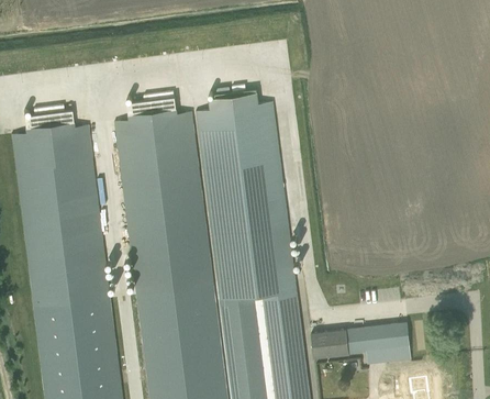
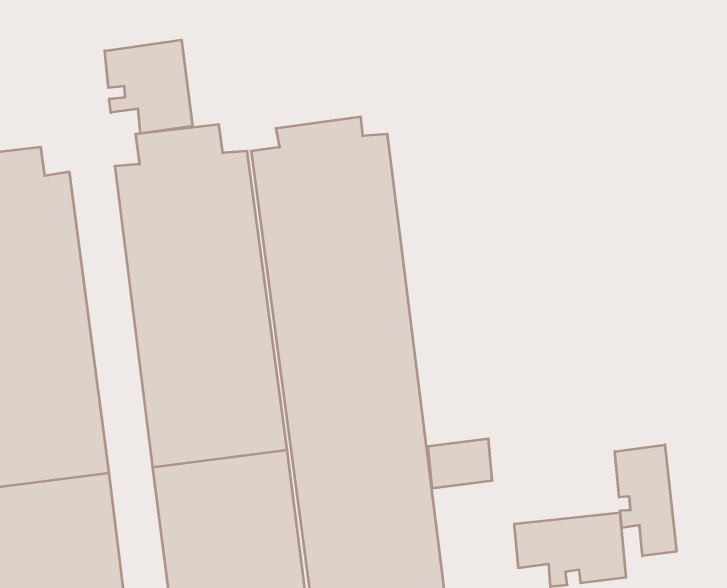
building: none -> [105,40,193,133]
building: none -> [615,445,676,556]
building: [311,331,348,359] -> [428,439,492,488]

